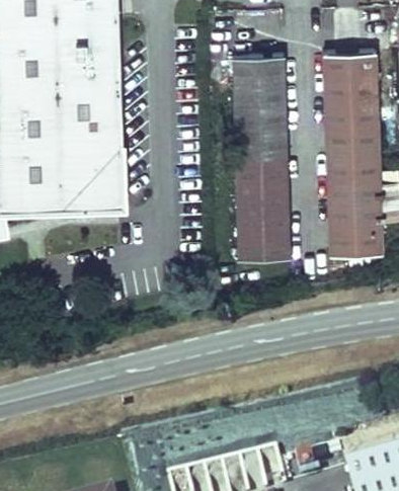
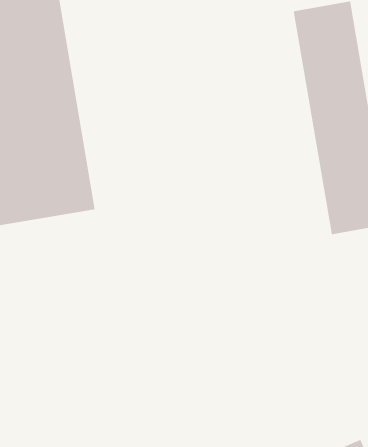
building: [233,58,290,261] -> none

